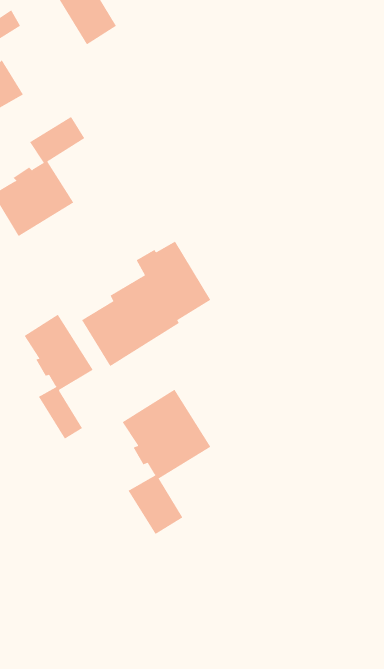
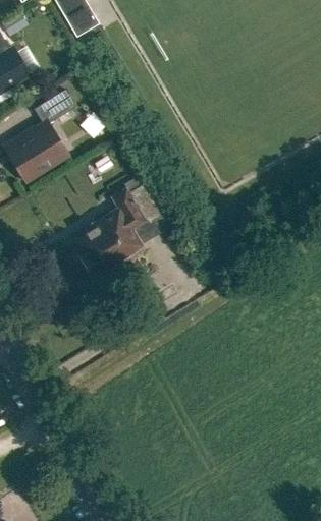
building: [24,314,93,439] -> none
building: [122,389,211,535] -> none

